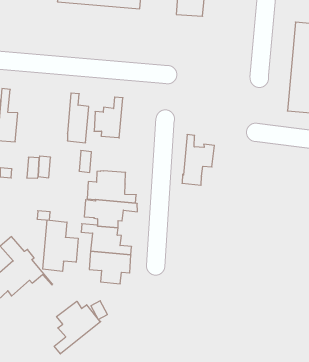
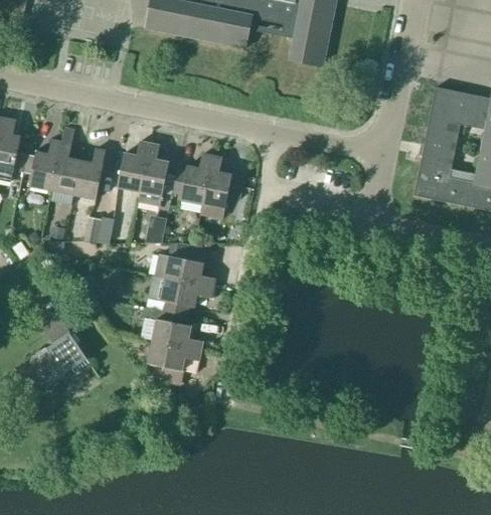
building: none -> [117,140,149,191]
building: none -> [73,148,105,198]
building: [182,135,214,185] -> [199,155,244,219]
building: [43,220,78,271] -> none
building: [54,301,101,354] -> none

